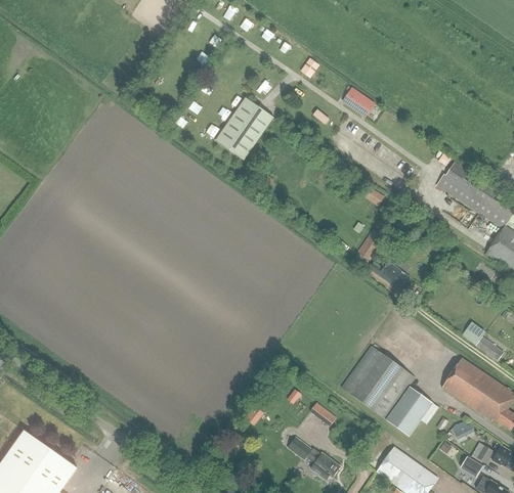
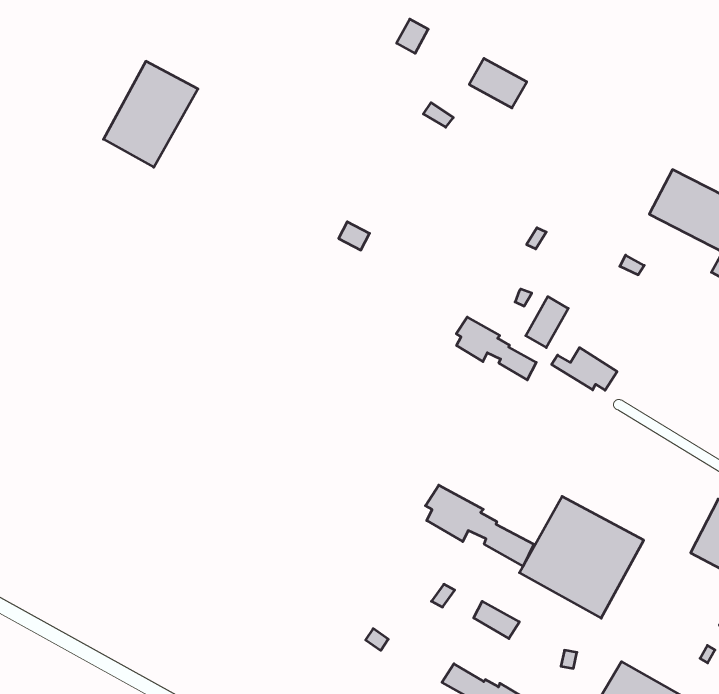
building: [216,98,274,161] -> [103,61,198,167]
building: none -> [456,317,536,380]
building: none -> [425,485,534,566]
building: [386,387,434,437] -> none

